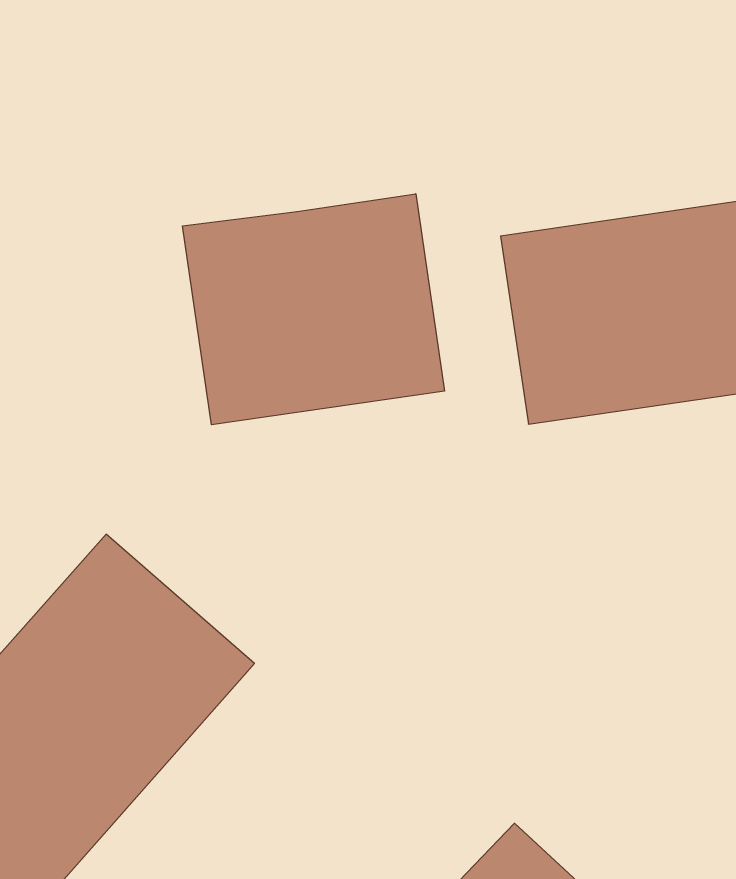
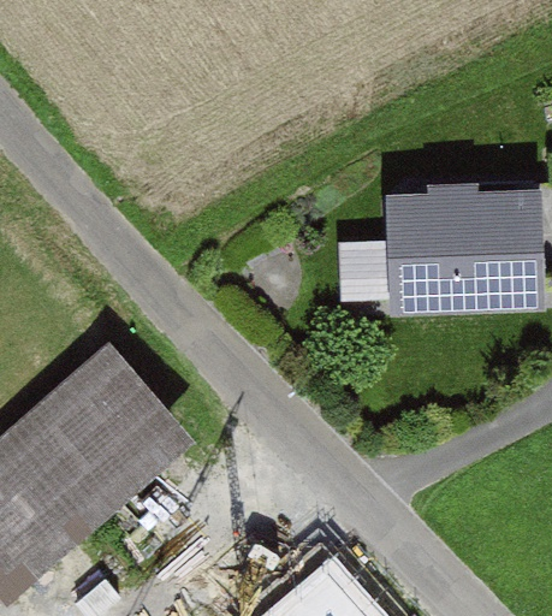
building: [183,194,444,425] -> none

